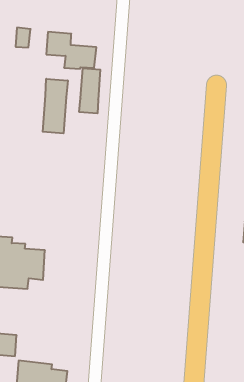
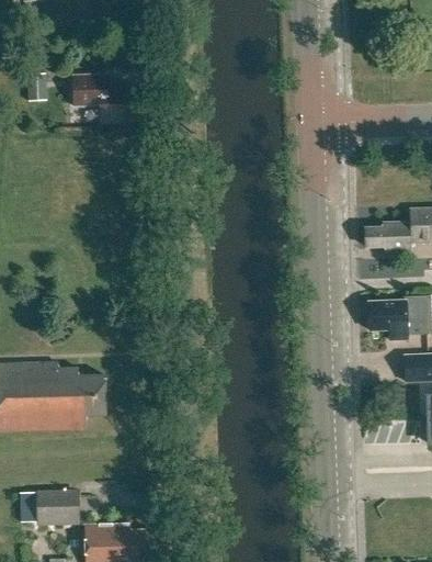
building: [79,68,100,113] -> none
building: [43,79,68,133] -> none

